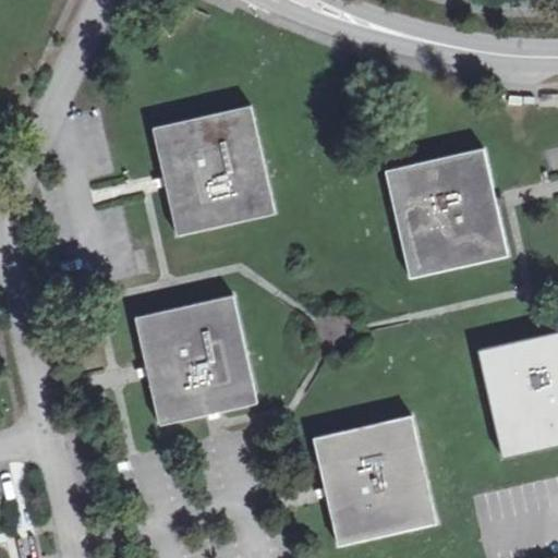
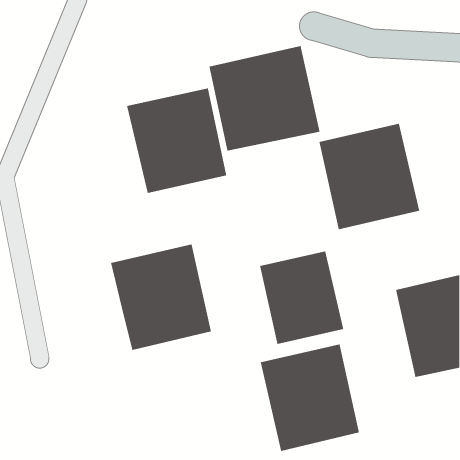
building: none -> [209,45,320,151]
building: none -> [259,251,344,345]

